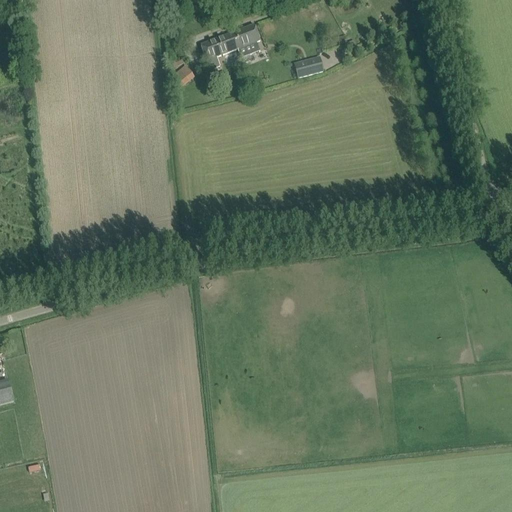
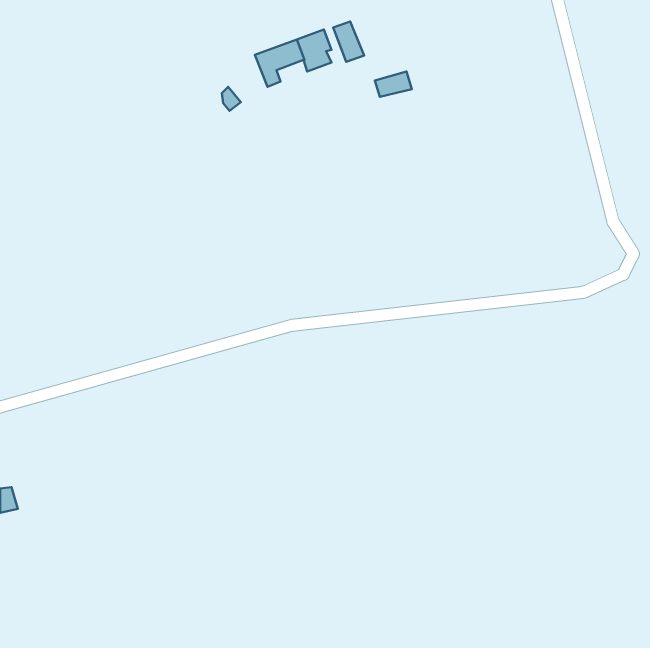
building: none -> [333,22,364,62]

